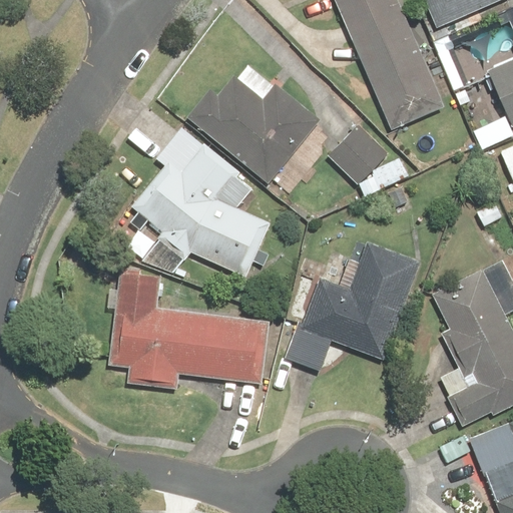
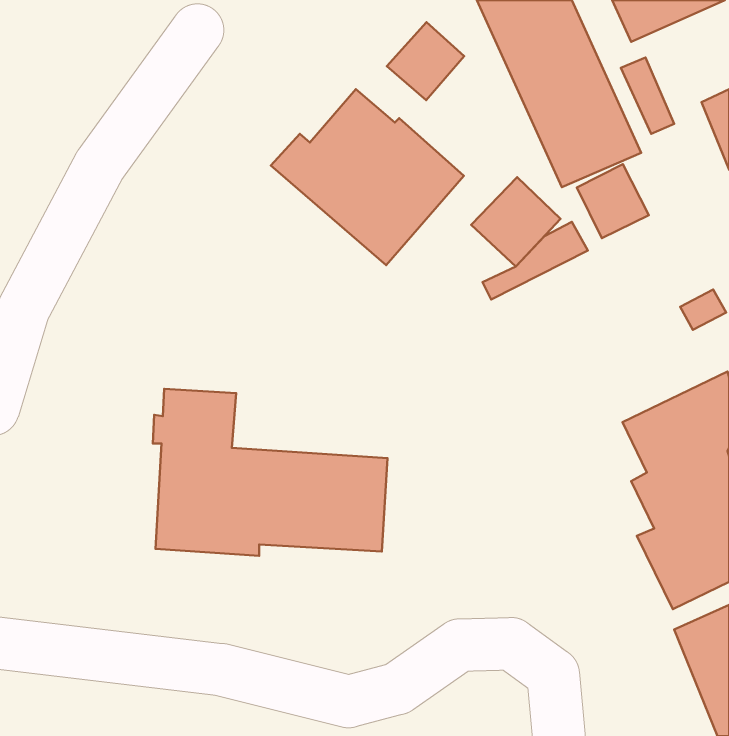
building: none -> [387,22,464,100]
building: none -> [577,164,649,238]
building: [132,128,271,278] -> none
building: [283,240,421,372] -> none

